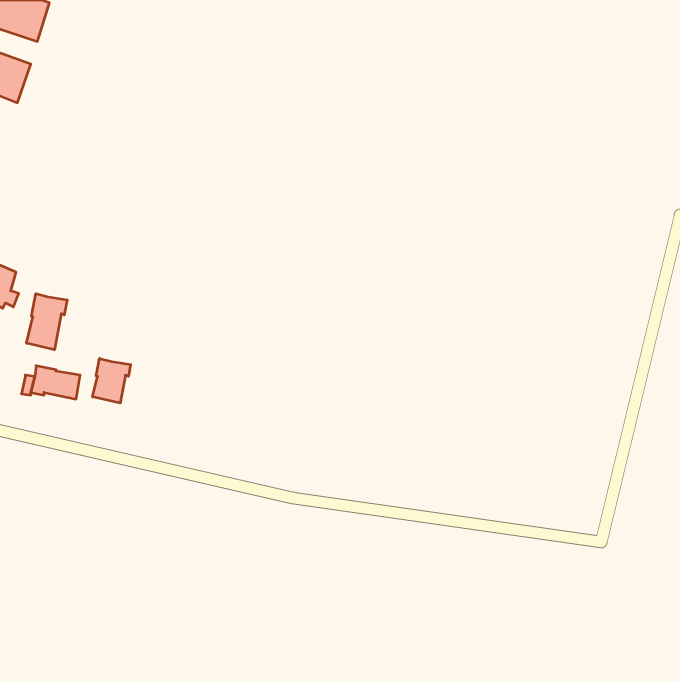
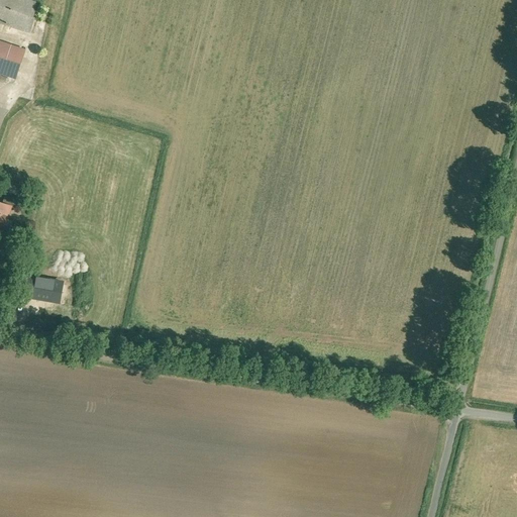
building: [27,294,67,350] -> none
building: [93,358,131,403] -> none

